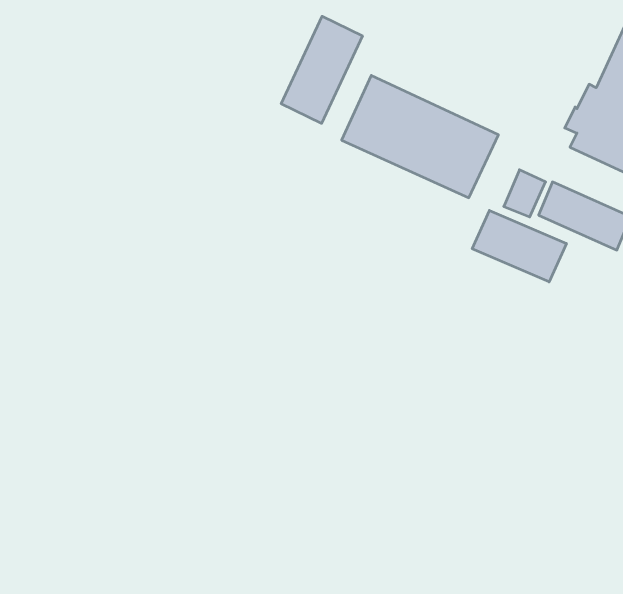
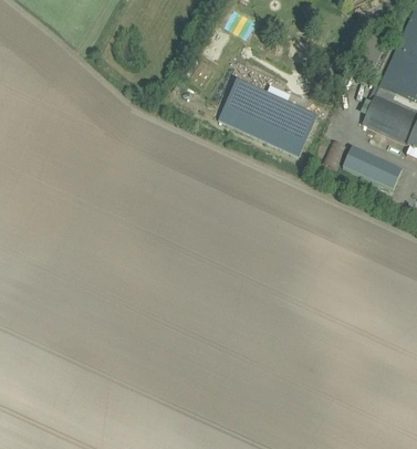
building: [281,16,362,123] -> none
building: [472,210,566,282] -> none

